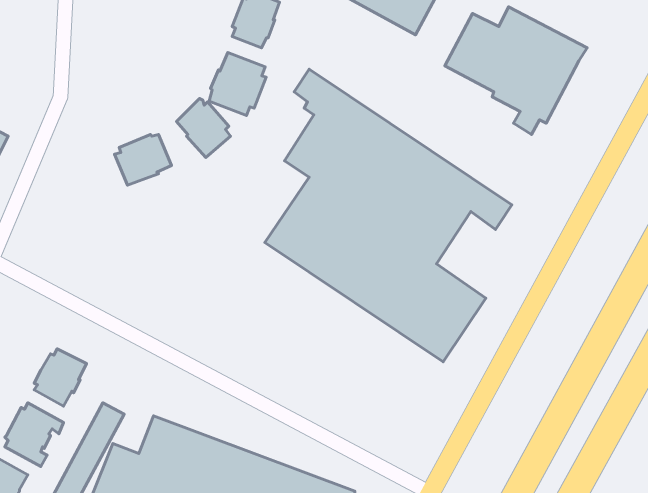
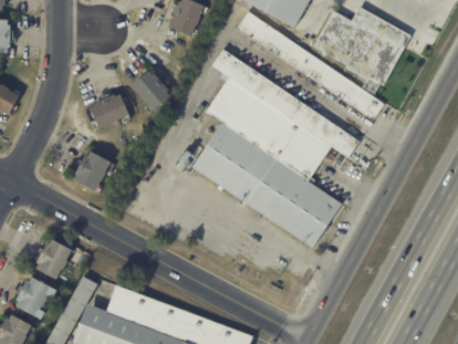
building: none -> [235,11,383,119]
building: [209,52,266,116] -> none
building: none -> [74,150,110,190]

